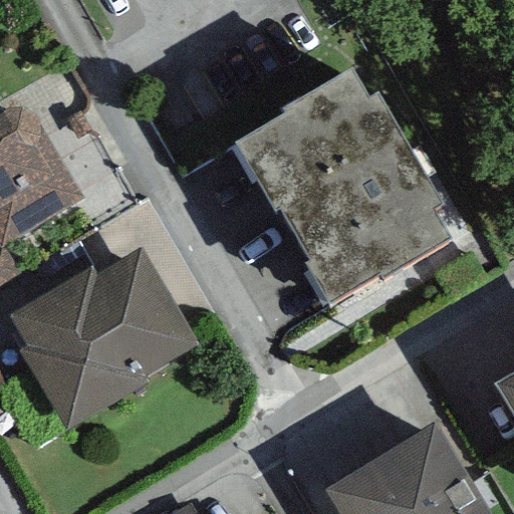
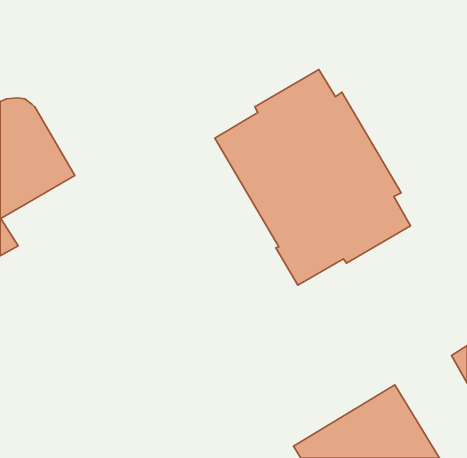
building: [9,245,198,428] -> none

